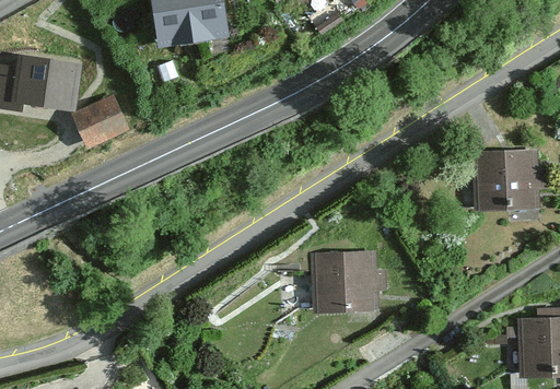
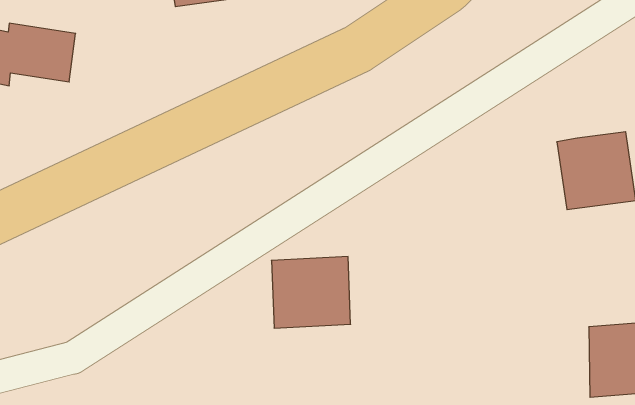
building: [69,95,121,143] -> none
building: [320,252,388,314] -> [271,257,351,328]

